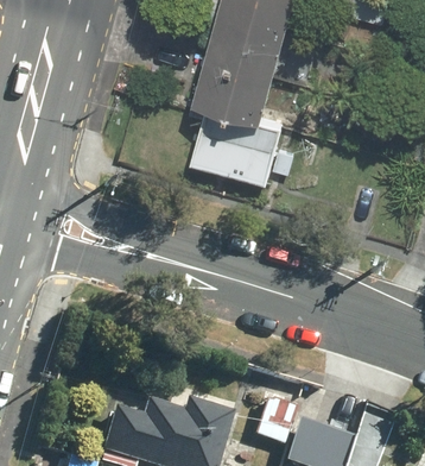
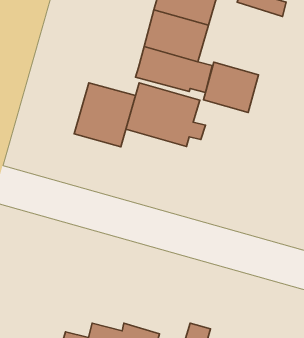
building: none -> [204,62,258,112]
building: none -> [74,83,135,147]

